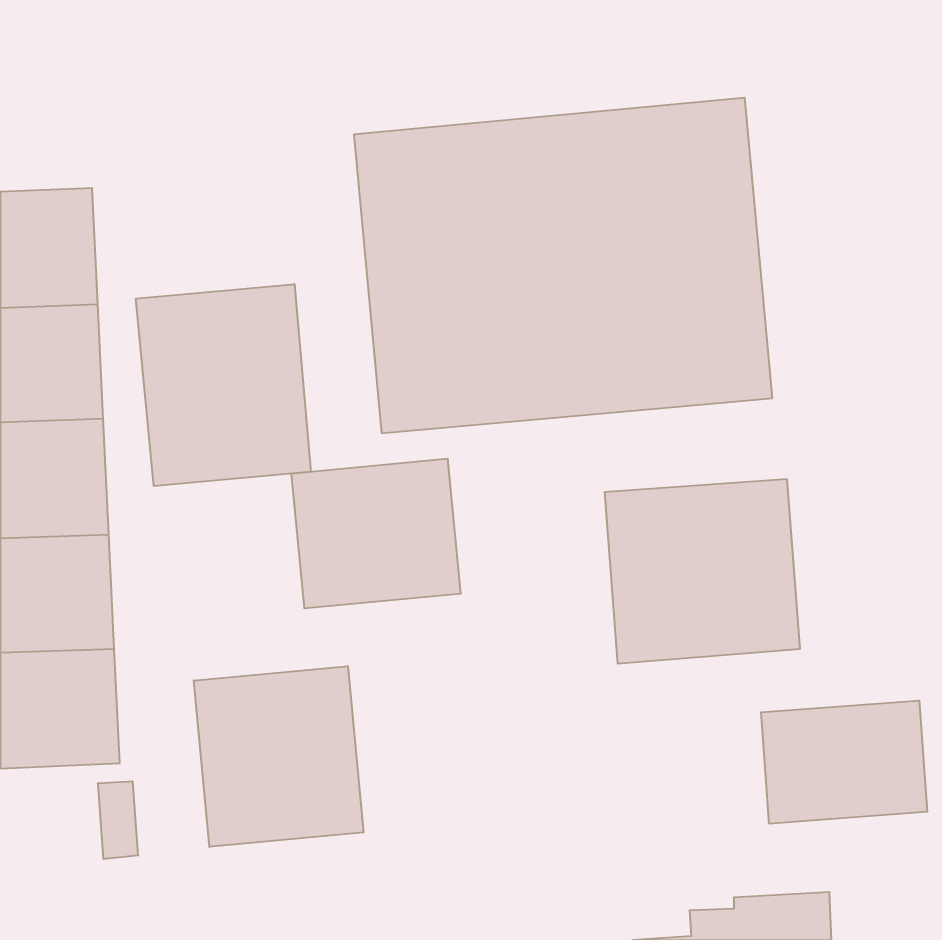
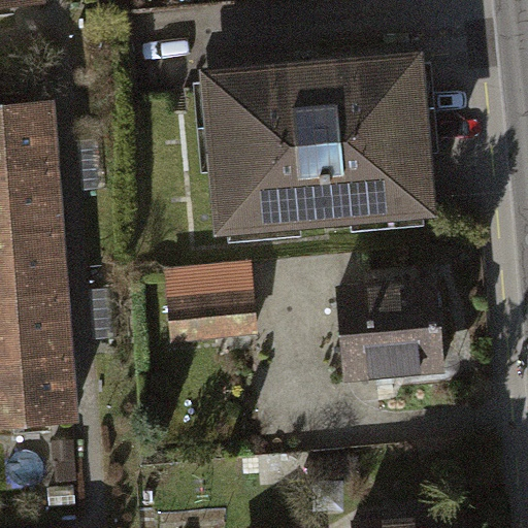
building: [136,284,311,486] -> none
building: [194,666,363,847] -> none
building: [761,700,927,824] -> none

